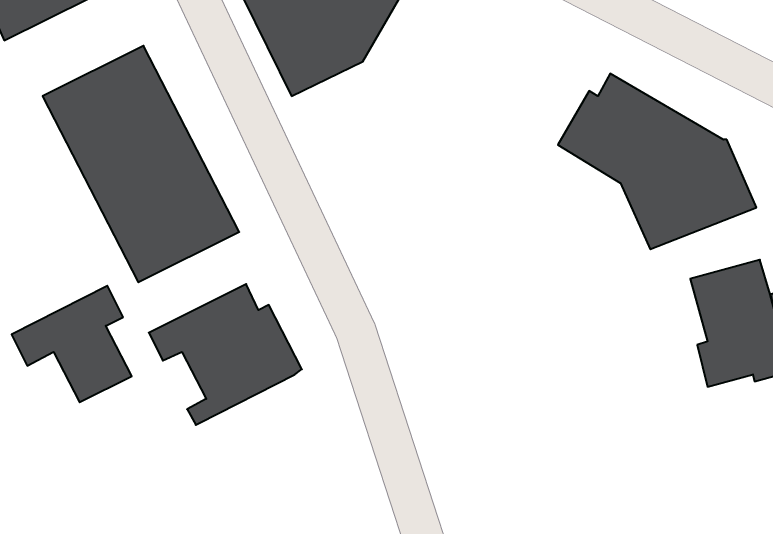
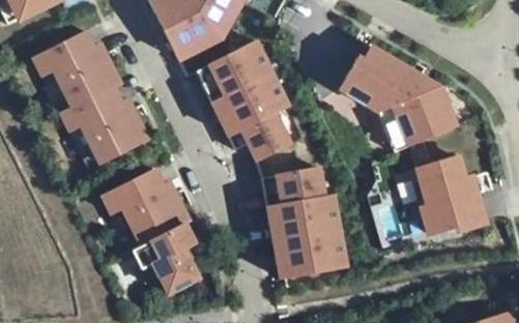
building: none -> [197,40,290,158]
building: none -> [263,167,347,276]
building: [12,286,132,402] -> [124,224,196,293]

